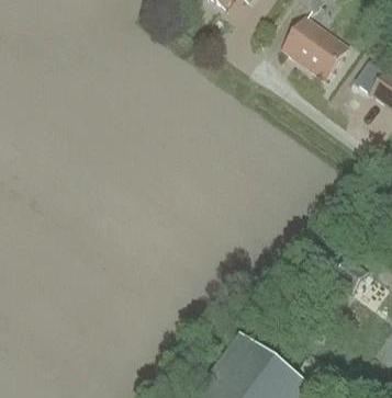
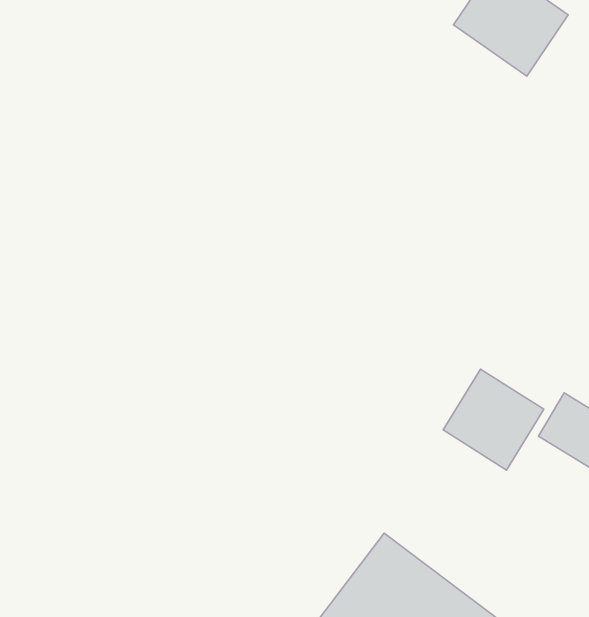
building: none -> [443,369,544,470]

